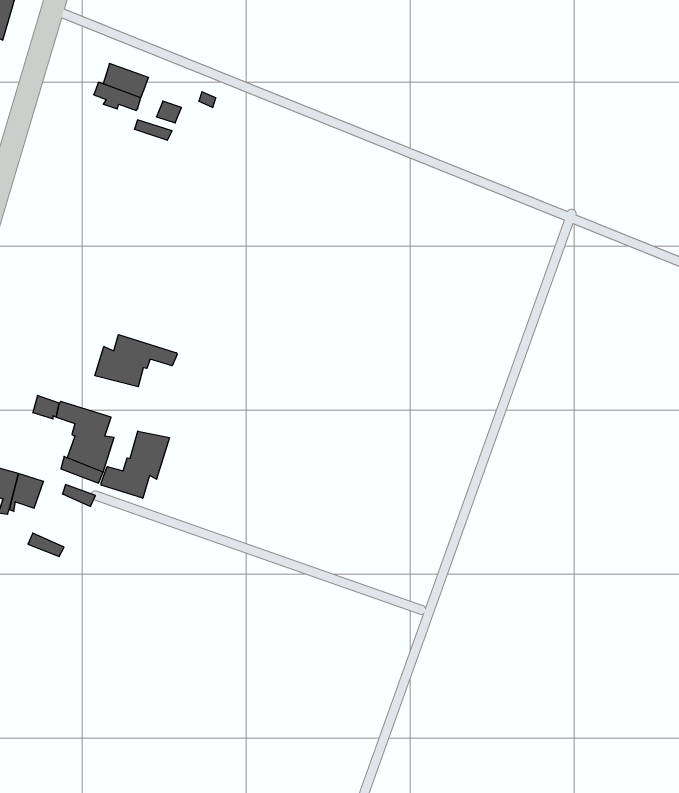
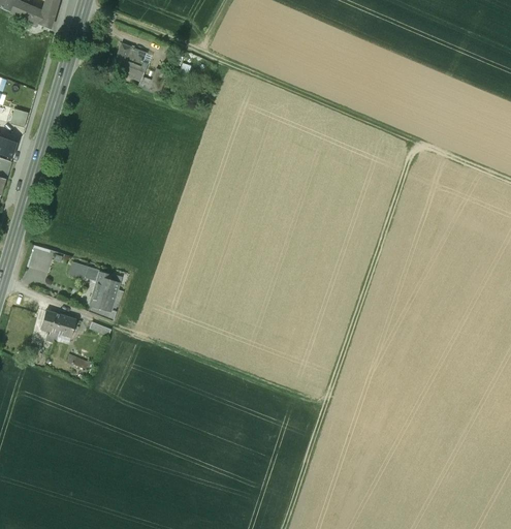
building: [95,335,177,387] -> none
building: [101,431,169,498] -> none

